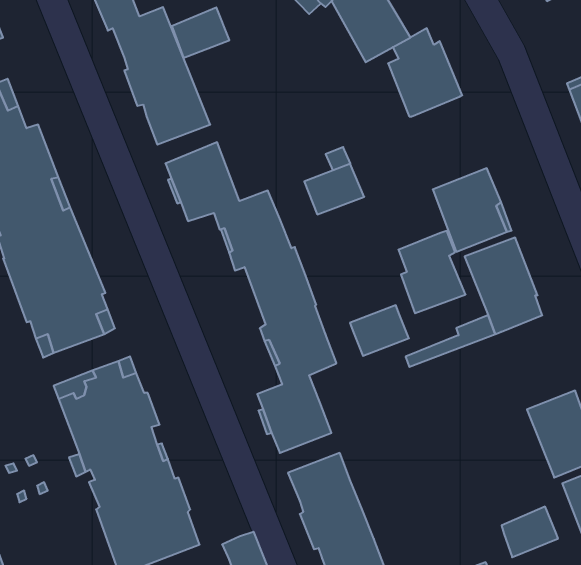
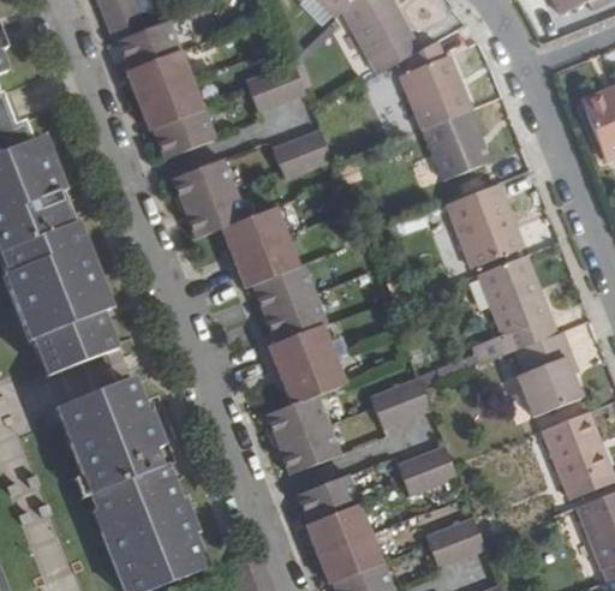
building: [172,7,229,58] -> [247,61,306,113]
building: none -> [424,111,490,180]
building: [304,164,364,214] -> [273,129,334,180]
building: [398,231,466,313] -> [515,332,584,416]
building: [350,305,409,356] -> [371,377,431,429]
building: none -> [398,446,458,496]
building: [502,507,558,557] -> [428,517,485,568]

